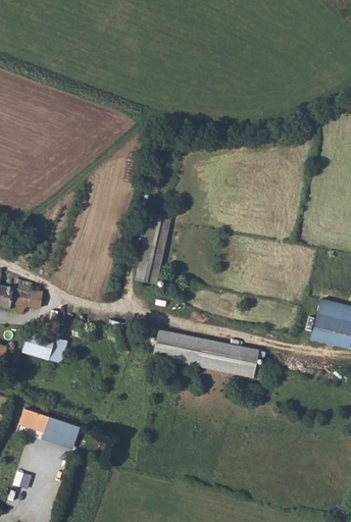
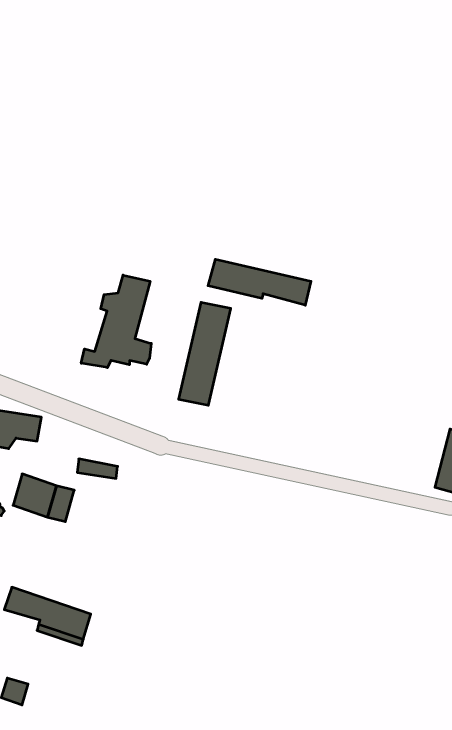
building: none -> [208,259,311,305]
building: none -> [81,275,151,368]
building: [152,332,257,378] -> none

